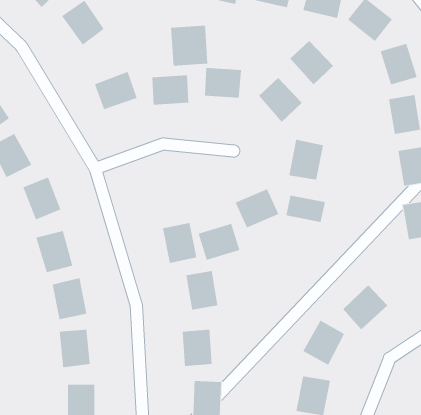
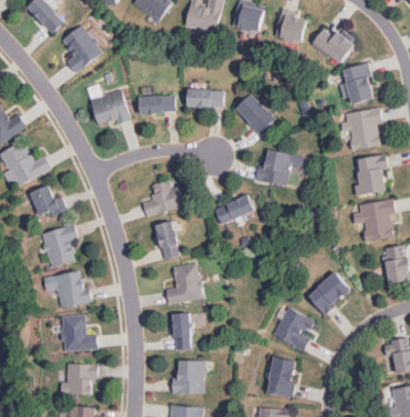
building: [171,25,208,66] -> none
building: [290,40,334,85] -> none
building: [286,195,325,223] -> none
building: [198,223,240,261] -> [147,181,184,214]

